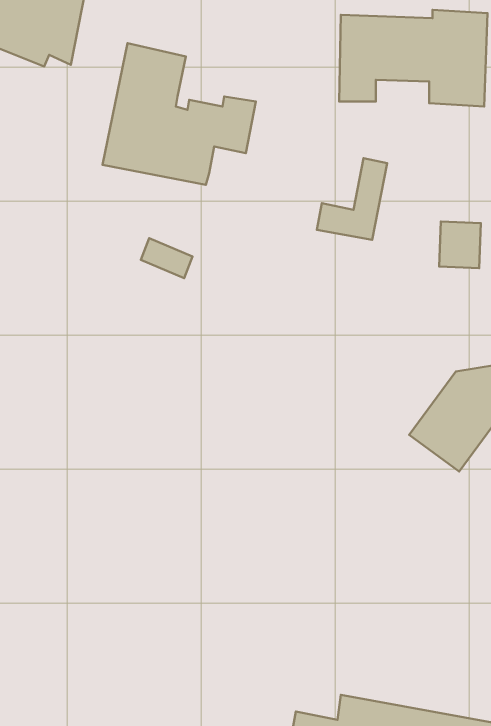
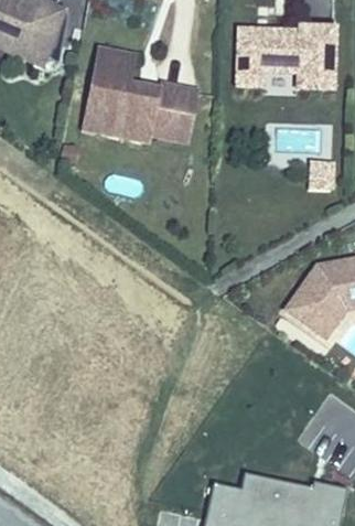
building: [317,158,387,240] -> [152,84,198,138]

